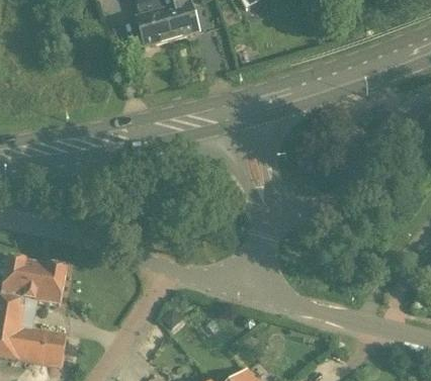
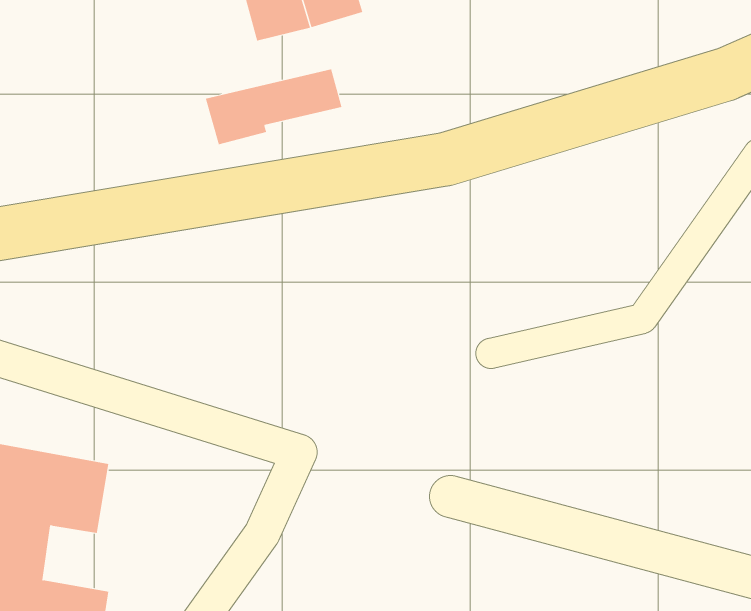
building: none -> [205,69,342,145]

